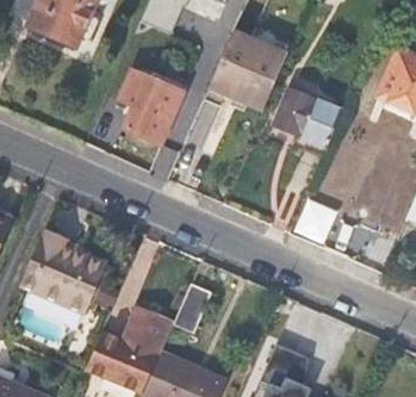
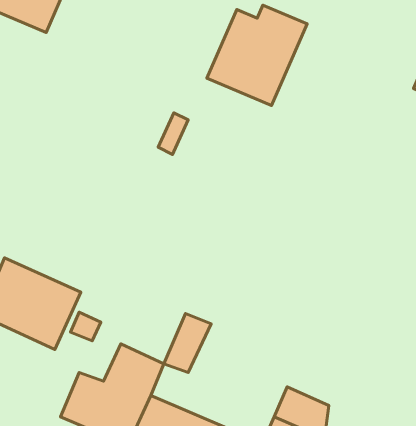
building: [119,69,184,143] -> none
building: [273,87,343,148] -> none

